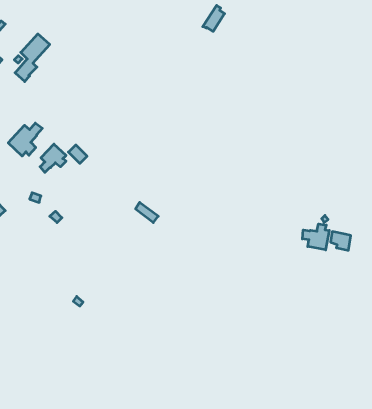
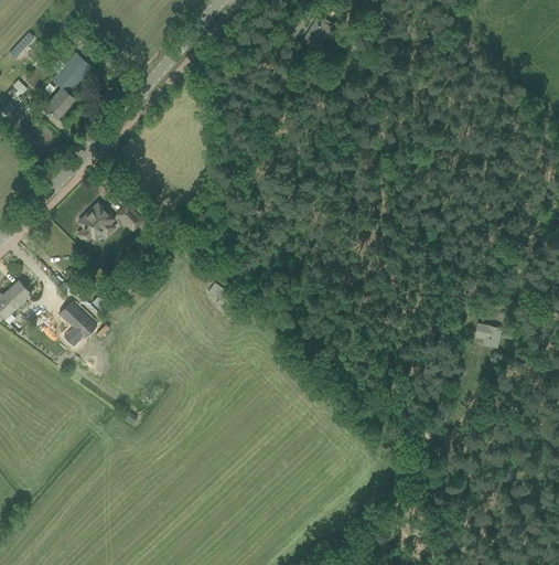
building: [8,123,42,156] -> none
building: none -> [58,300,96,345]
building: [302,224,329,250] -> none

